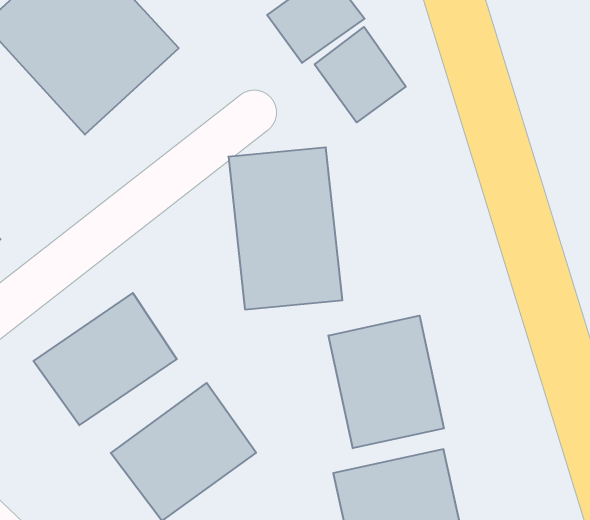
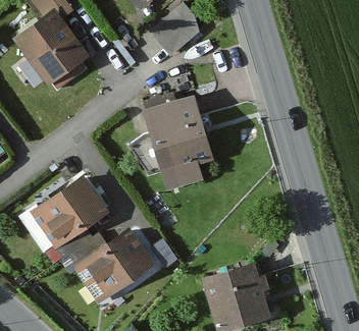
building: [315,27,406,122] -> none
building: [328,316,444,448] -> none

